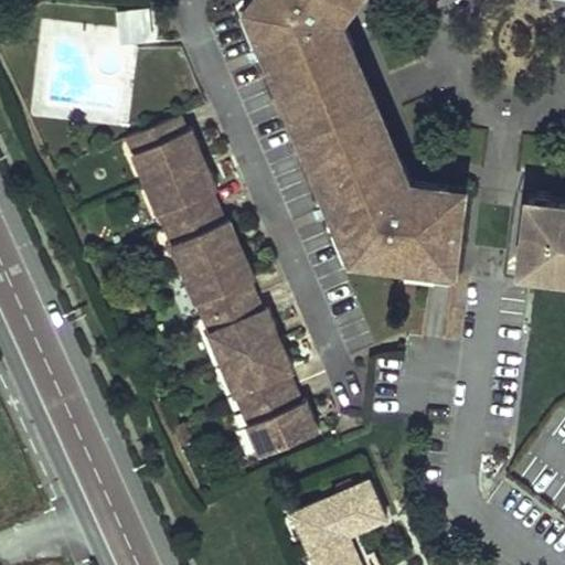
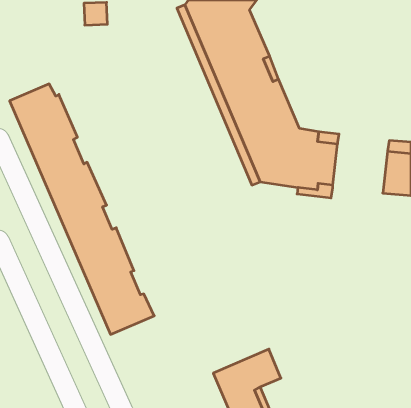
building: [122,117,320,459] -> [10,84,154,334]

